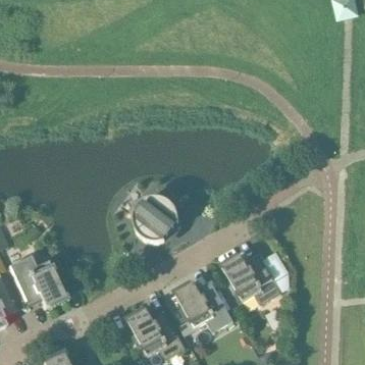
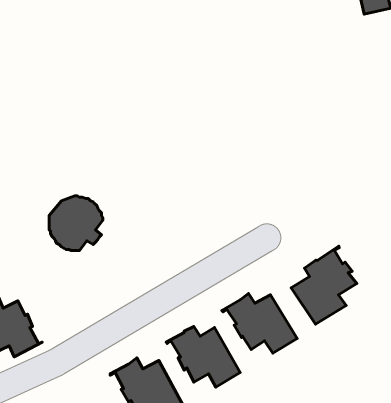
building: [135,196,179,242] -> [49,196,103,251]
building: none -> [291,246,357,324]

